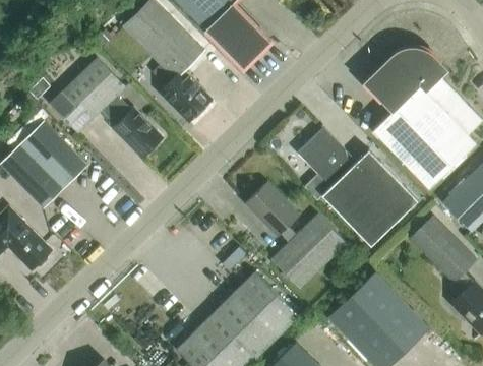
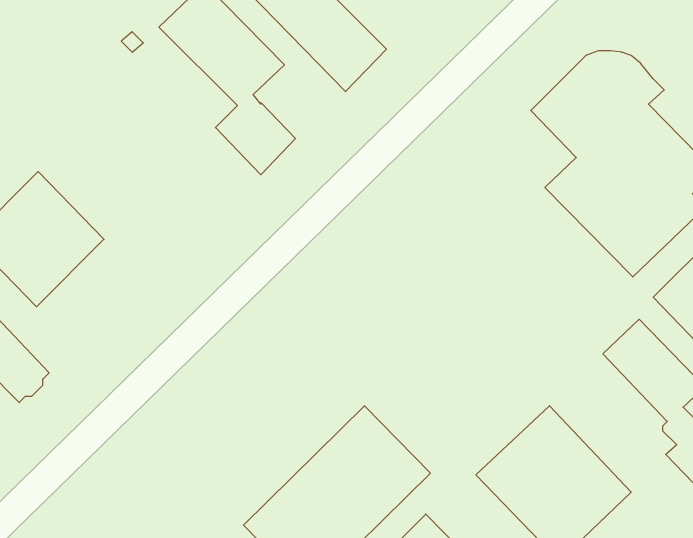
building: [50,58,162,157] -> none
building: [297,125,417,245] -> none
building: [245,181,346,288] -> none

